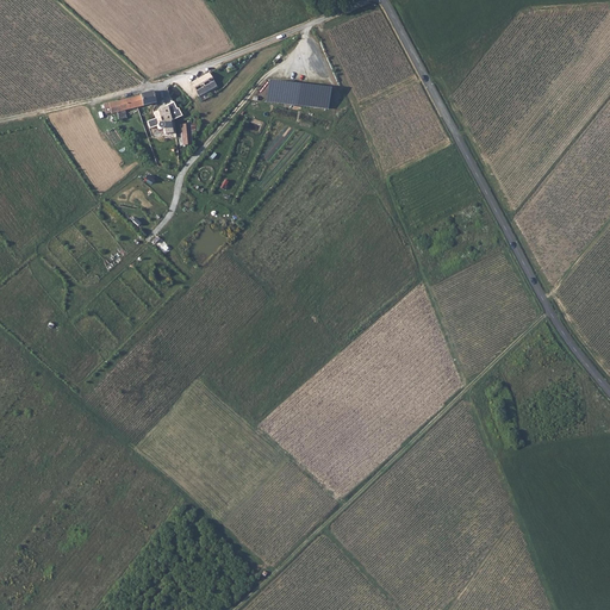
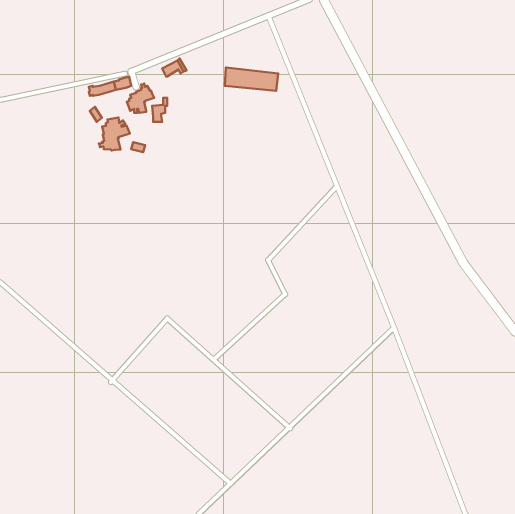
building: none -> [99,117,130,150]

